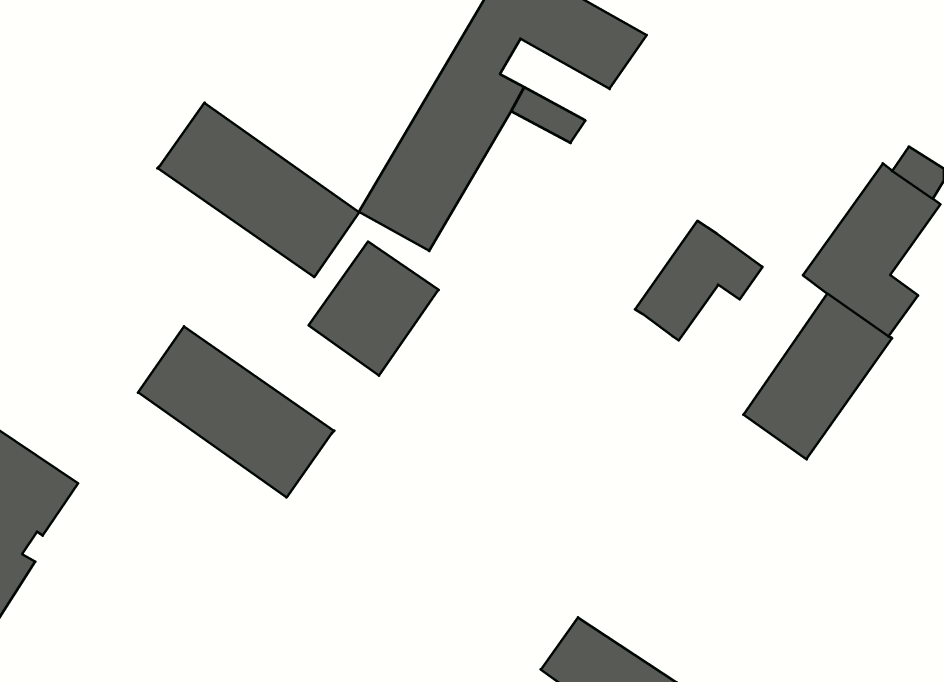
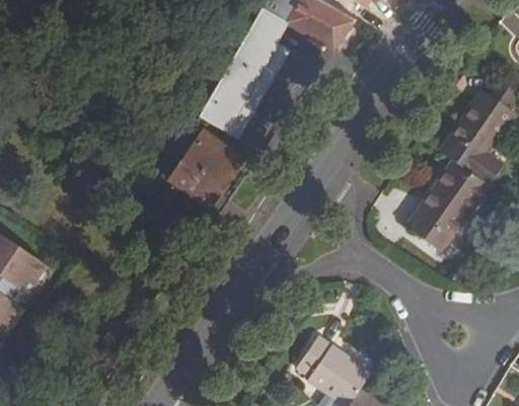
building: [157,103,359,277] -> none
building: [635,221,762,340] -> none
building: [138,326,334,497] -> none

